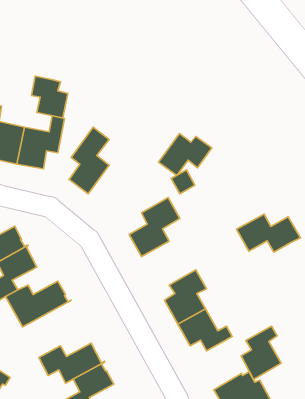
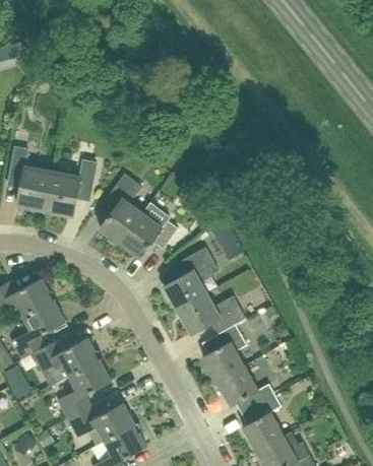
building: [31,76,68,118] -> none
building: [159,133,212,175] -> [120,212,177,257]
building: [237,214,300,252] -> [177,293,245,334]
building: none -> [57,356,111,417]
building: [241,326,281,379] -> [241,395,284,452]

